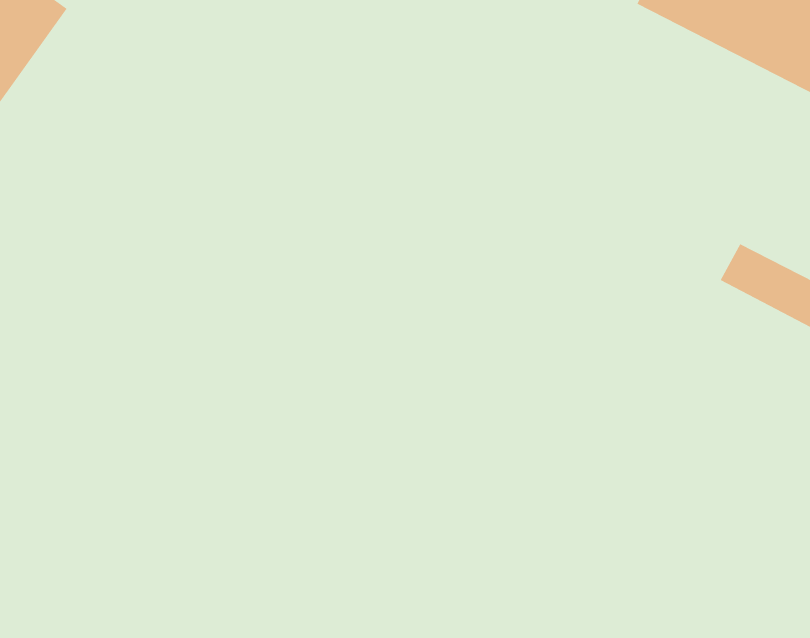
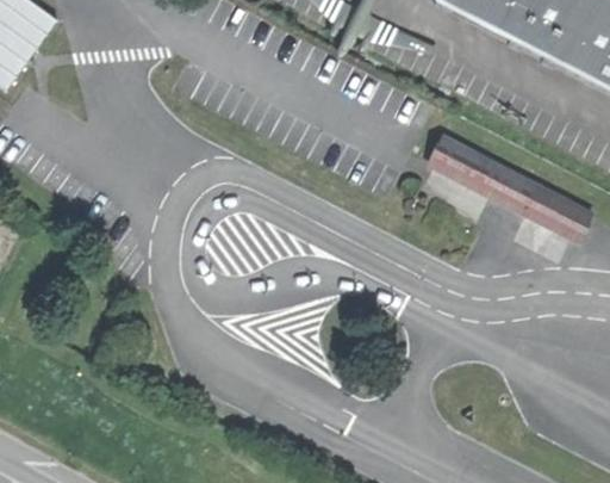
building: none -> [429,136,539,211]

